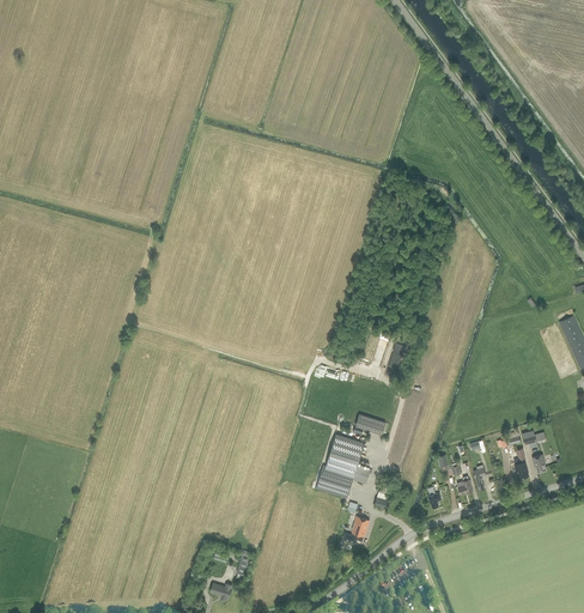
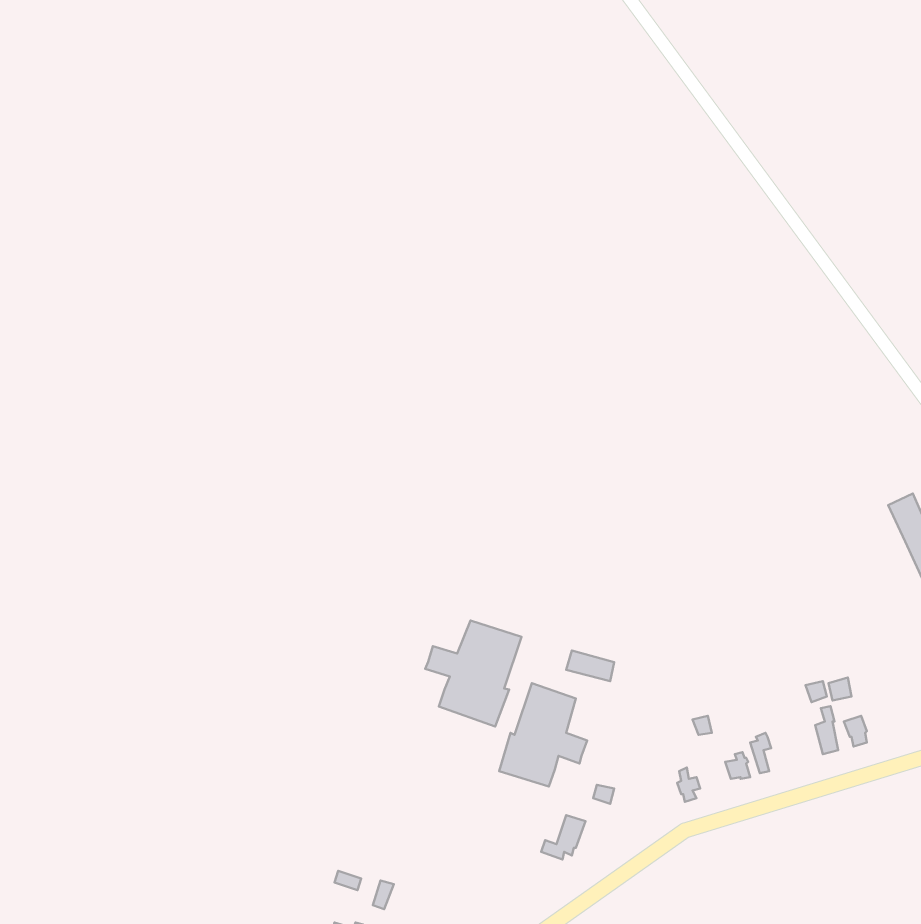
building: none -> [425,621,521,727]

